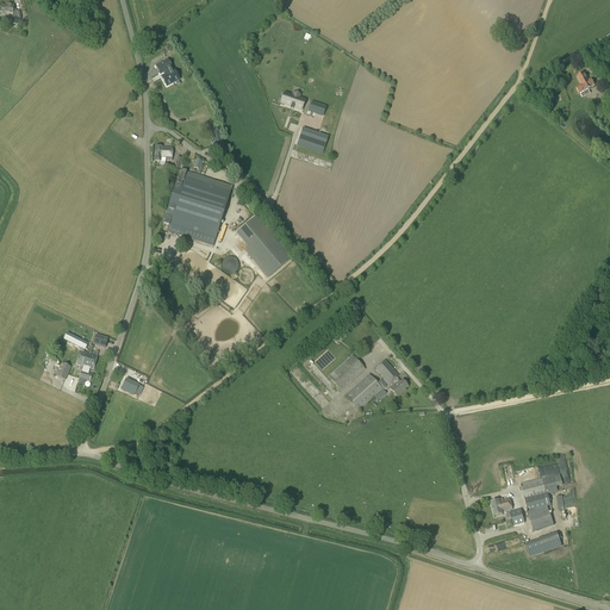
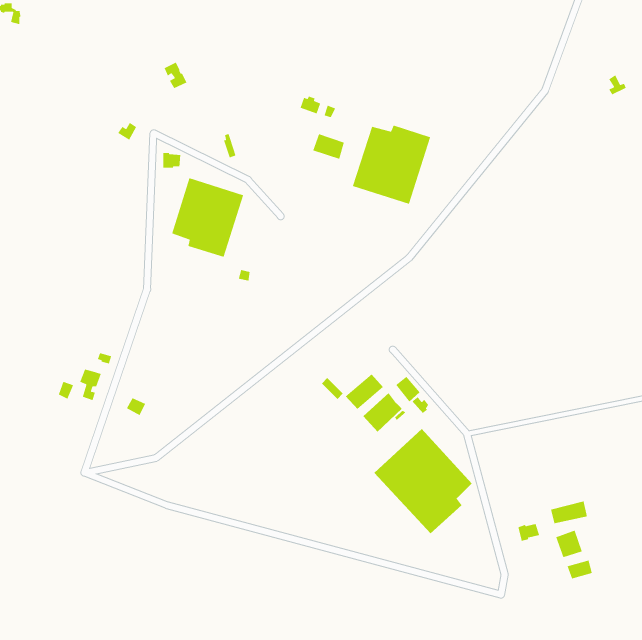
building: none -> [352,125,431,205]
building: [236,214,292,276] -> none
building: none -> [374,428,473,534]

